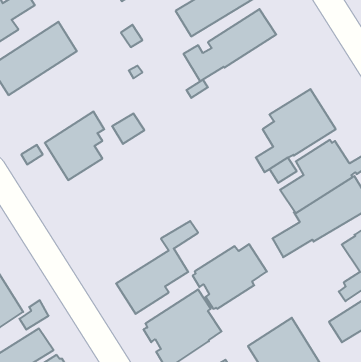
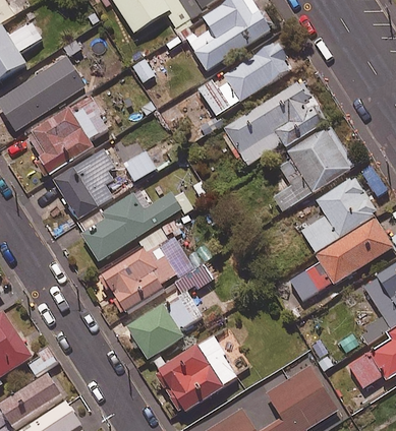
building: none -> [221,82,328,166]
building: none -> [25,96,106,178]
building: none -> [74,192,180,261]
building: [193,244,267,309] -> [98,246,175,313]

